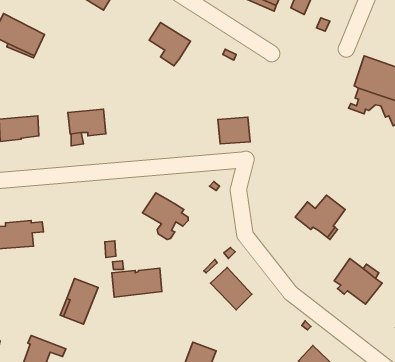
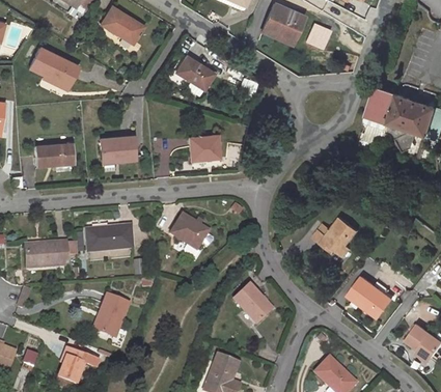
building: [218,117,250,144] -> [190,135,220,160]
building: [112,268,162,297] -> [86,224,133,251]

